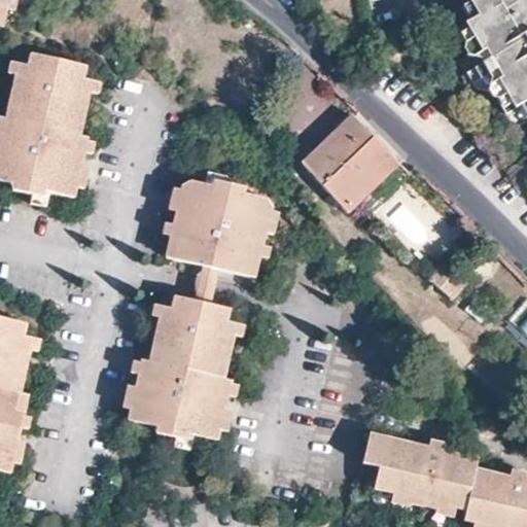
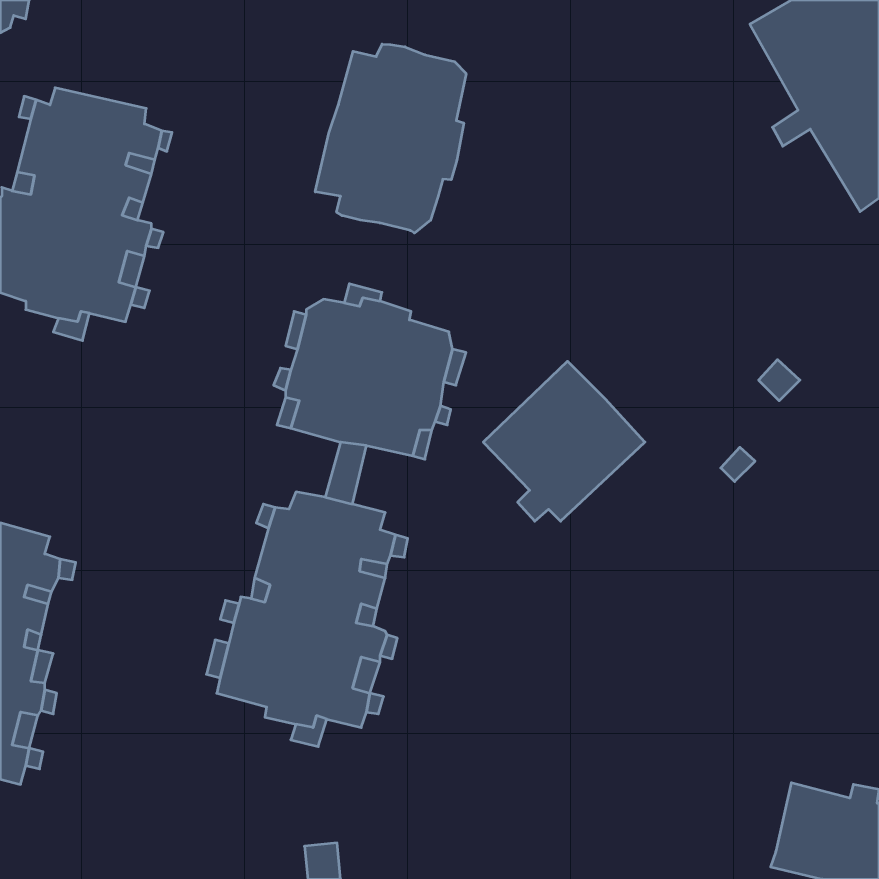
building: none -> [315,44,466,233]
building: [302,114,398,210] -> [483,361,645,521]
building: [360,431,475,510] -> none

